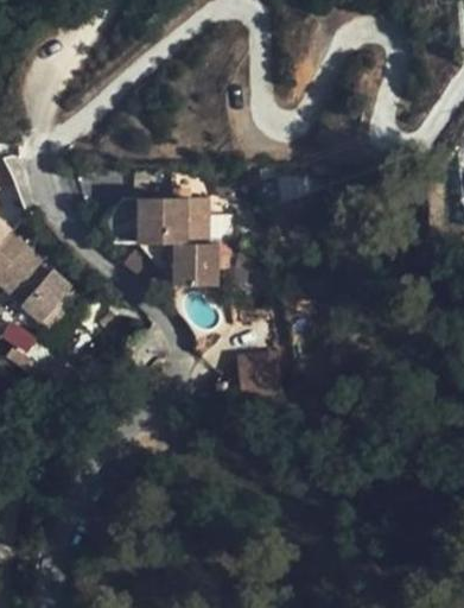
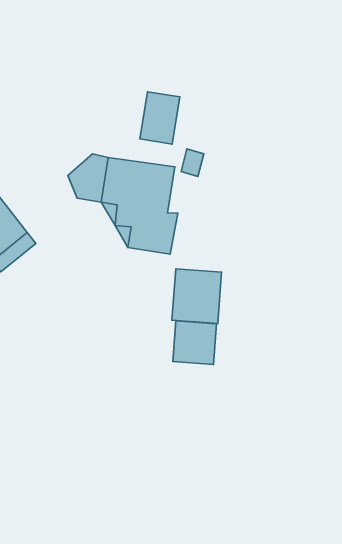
building: none -> [140,92,180,144]
building: none -> [172,269,222,324]

